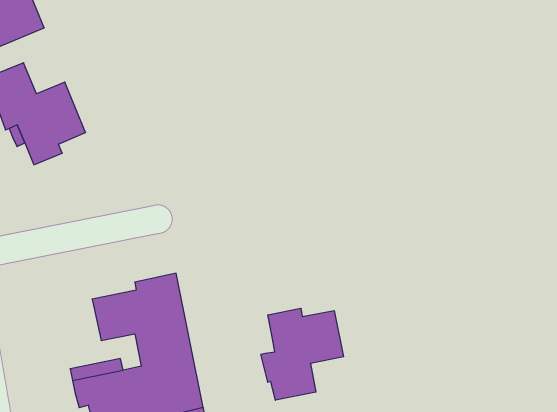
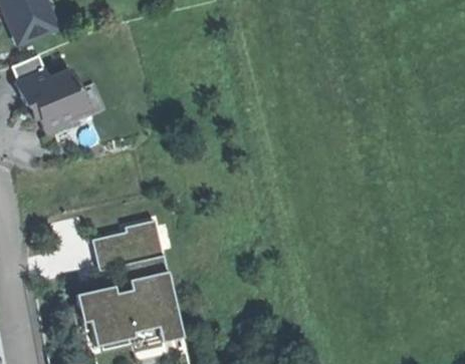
building: [261,308,343,400] -> none

